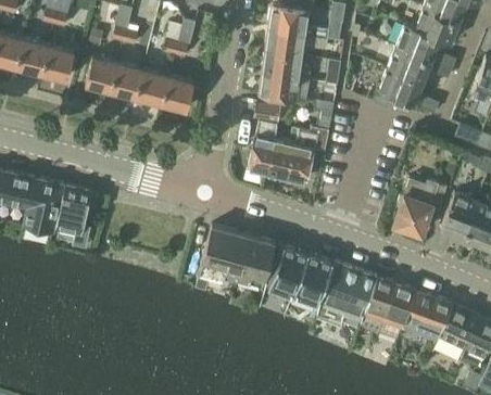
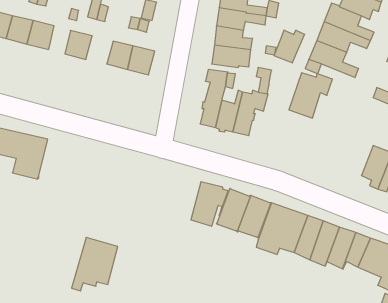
building: none -> [274,30,304,63]
building: [111,62,143,95] -> none
building: [393,179,445,233] -> [289,73,332,118]
building: [54,186,97,247] -> none
building: [193,226,249,290] -> [72,237,118,291]

